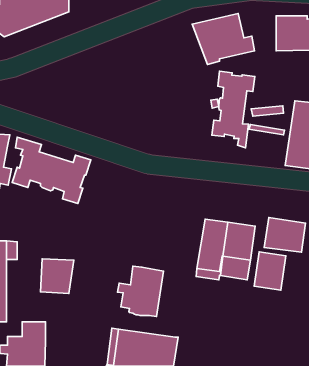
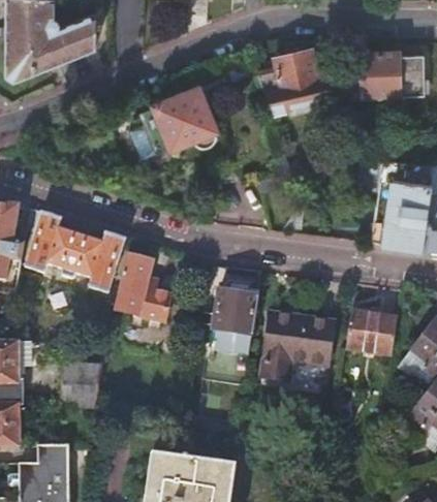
building: none -> [138,88,218,157]
building: [212,71,255,148] -> none
building: none -> [114,253,171,322]
building: [254,252,286,290] -> none
building: [117,266,164,316] -> [199,289,258,353]

